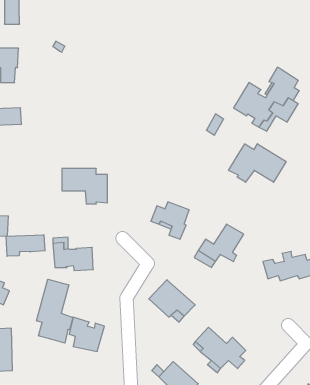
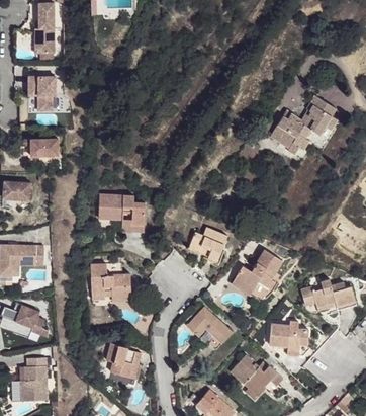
building: [229,144,286,182] -> none
building: [6,235,45,256] -> none
building: [37,279,73,343] -> none
building: none -> [268,322,306,353]

